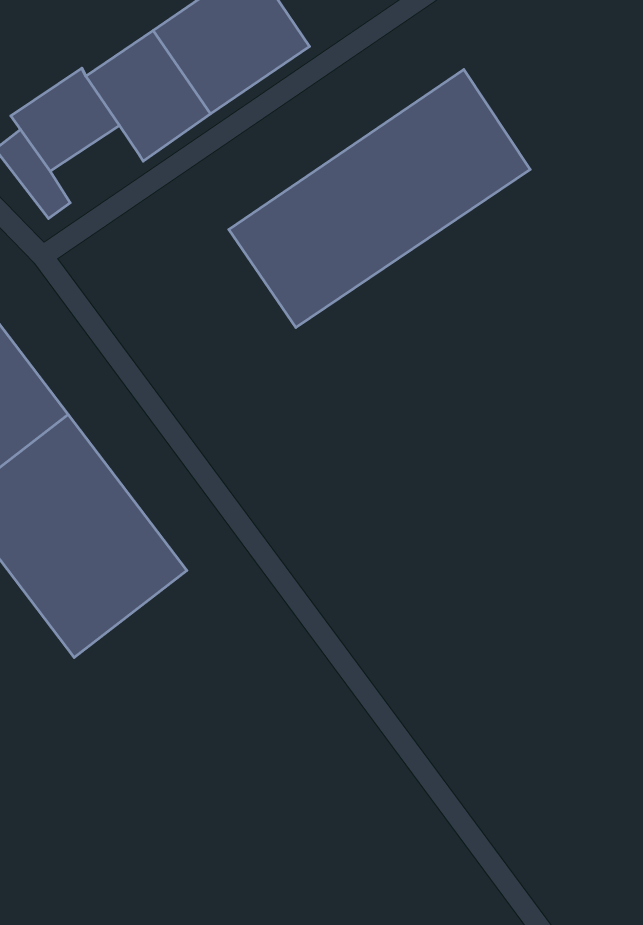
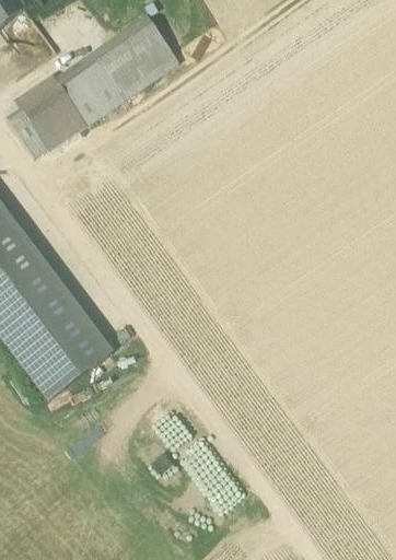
building: [229,70,530,328] -> none
building: none -> [37,104,86,147]

